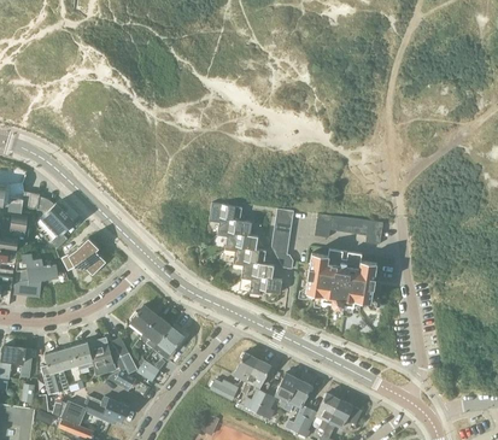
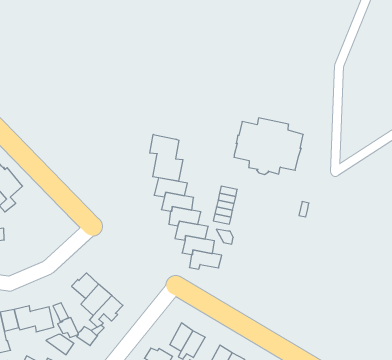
building: none -> [150,134,183,181]
building: [61,236,106,274] -> none
building: [307,248,377,306] -> [234,118,303,174]

